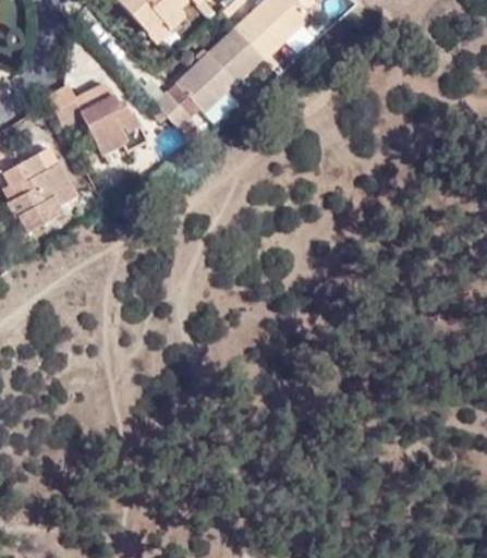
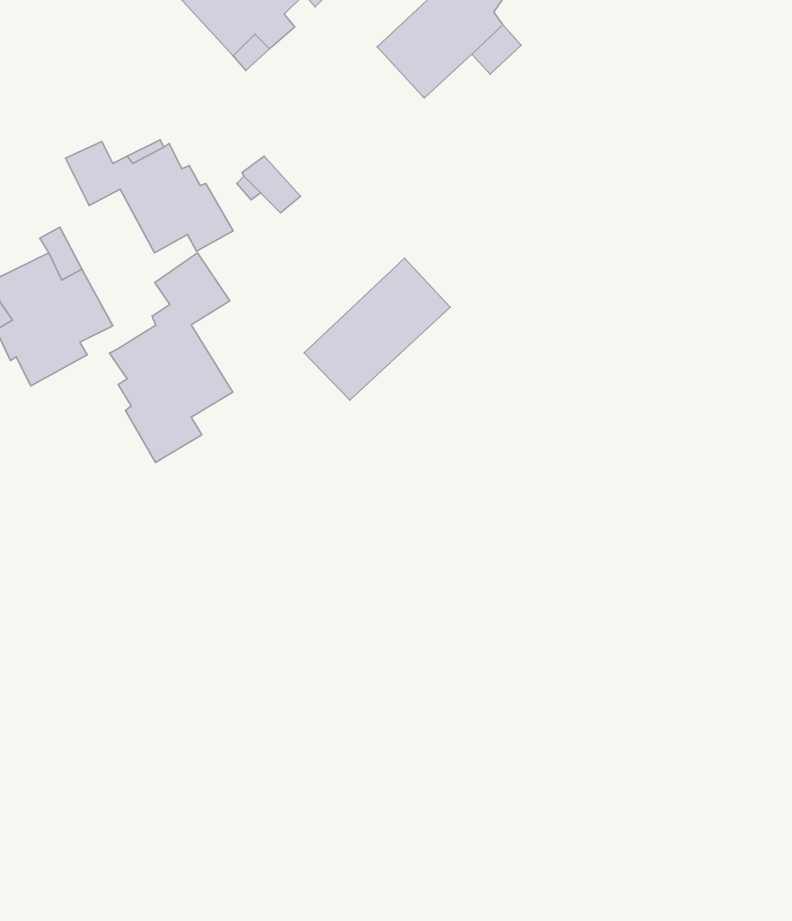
building: [174,28,261,113] -> [304,258,450,400]
building: none -> [110,253,233,462]

